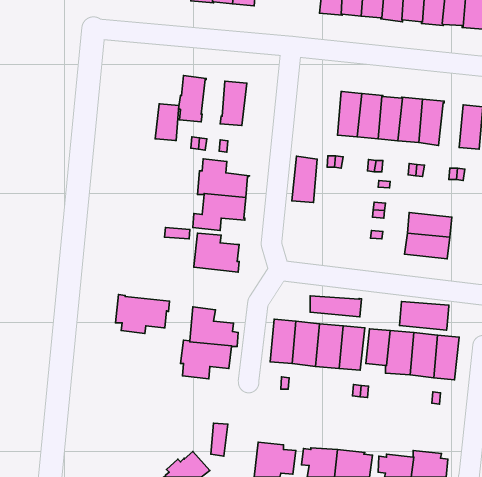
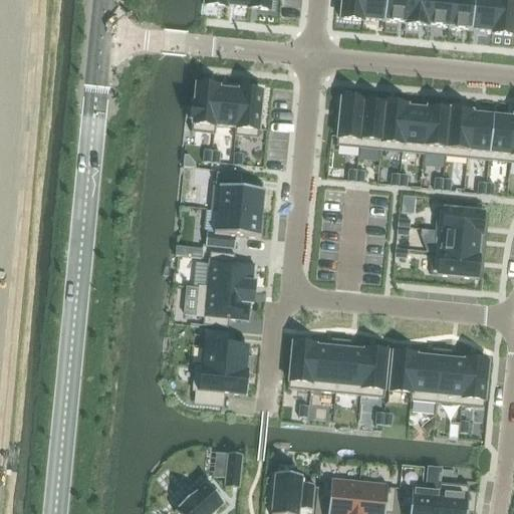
building: none -> [467,109,493,157]
building: [155,104,179,141] -> [215,84,240,123]
building: [292,156,317,203] -> [336,94,363,144]
building: none -> [436,204,483,231]
building: [116,295,169,333] -> [197,282,254,323]
building: [310,296,361,317] -> none
building: [399,302,449,330] -> none

